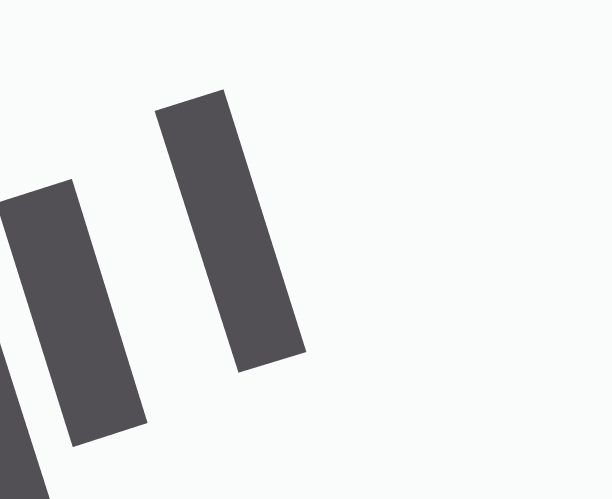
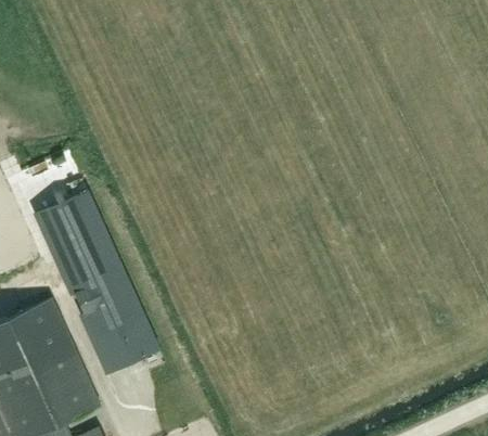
building: [154,89,307,373] -> none

